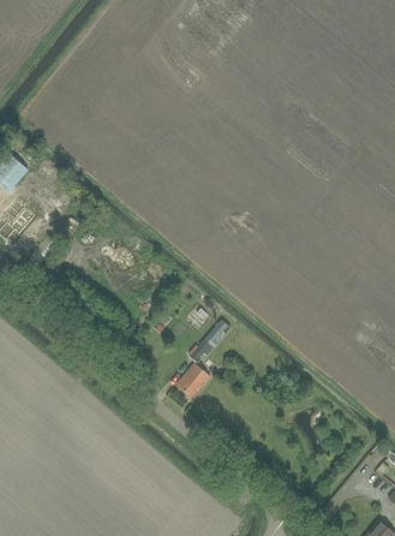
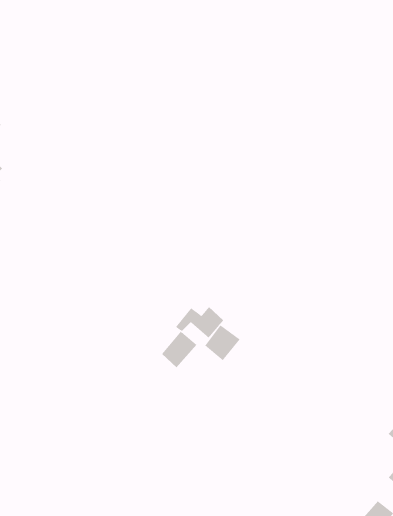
building: none -> [204,325,240,361]

